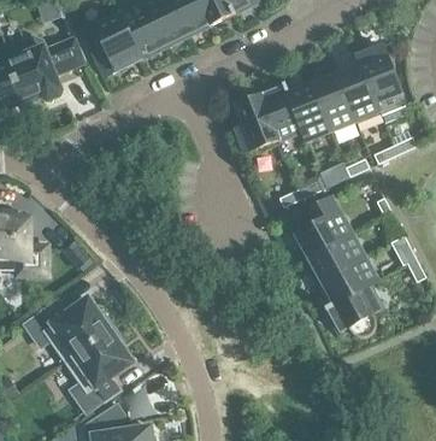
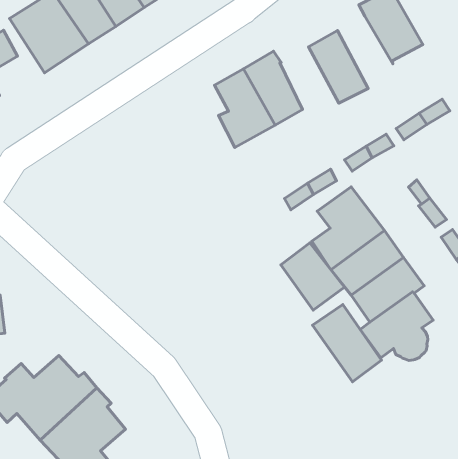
building: [336,64,379,120] -> none
building: [288,82,330,140] -> none
building: none -> [281,243,344,310]
building: none -> [312,305,381,382]

